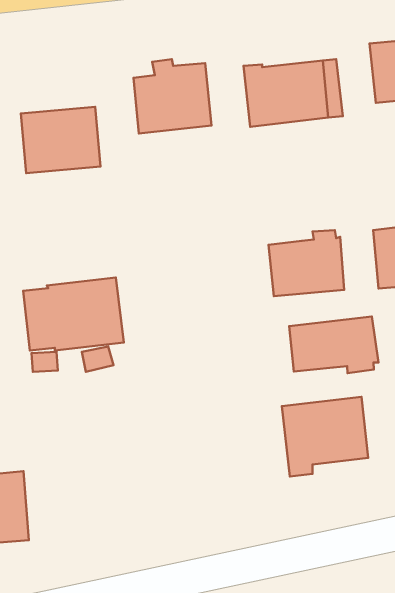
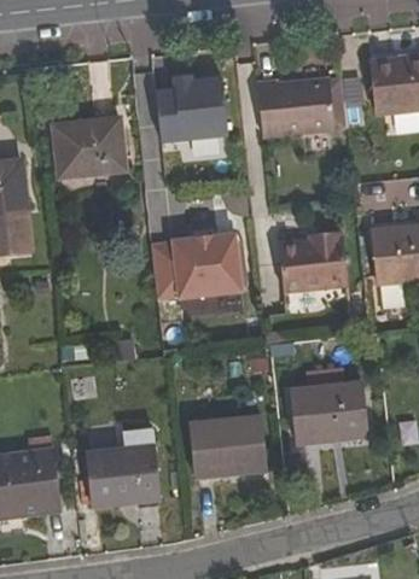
building: [23,278,124,350] -> [151,232,243,298]
building: [289,316,378,373] -> none
building: none -> [188,416,268,478]
building: none -> [85,428,161,507]

